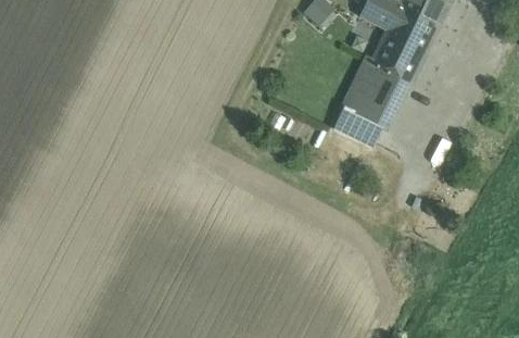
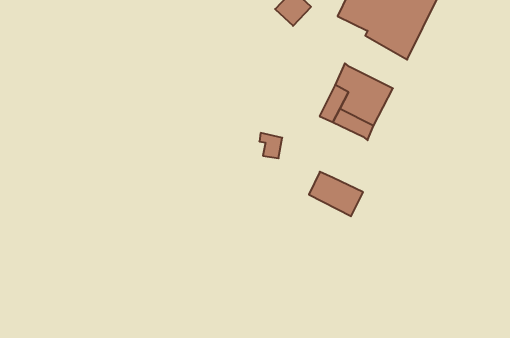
building: [368,34,420,82] -> none
building: [331,107,380,147] -> [309,172,363,216]

